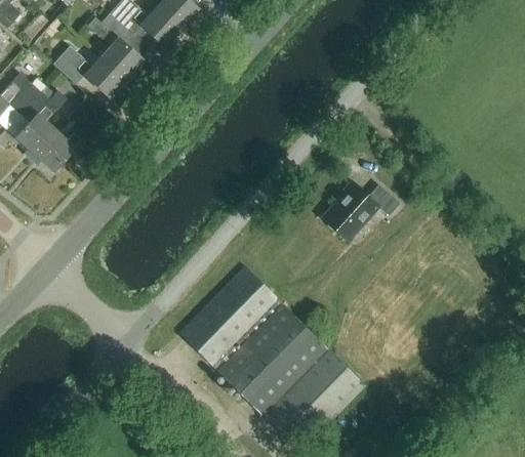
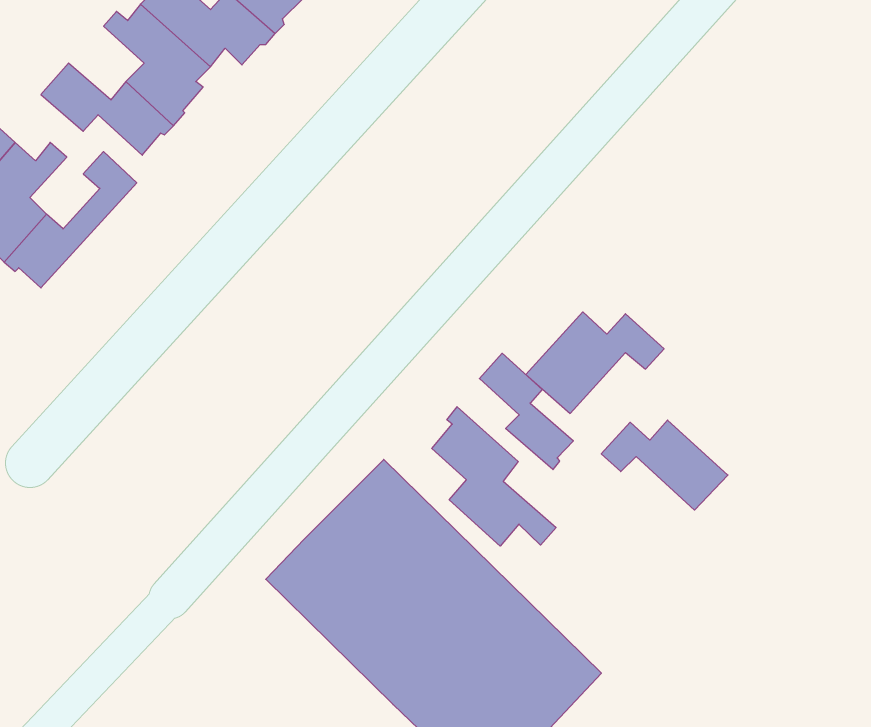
building: none -> [479,353,573,470]
building: none -> [432,407,556,546]
building: none -> [601,420,728,510]

